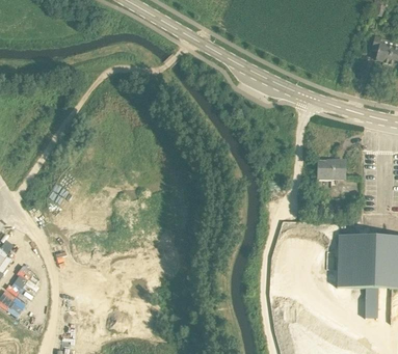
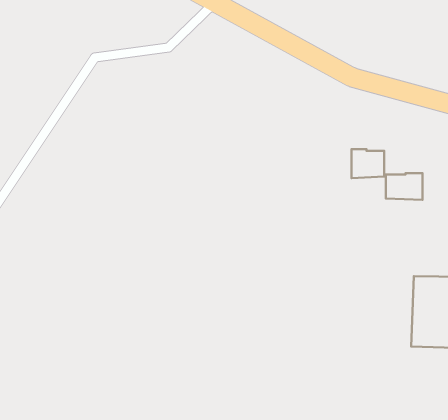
building: none -> [351,149,384,178]

